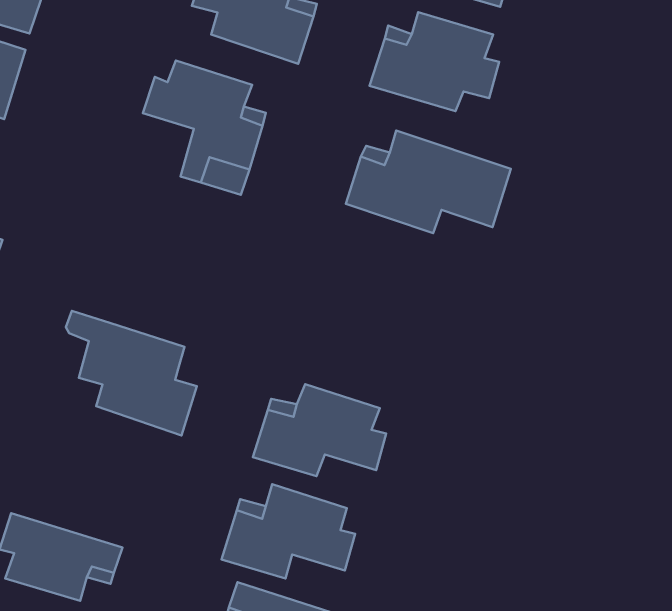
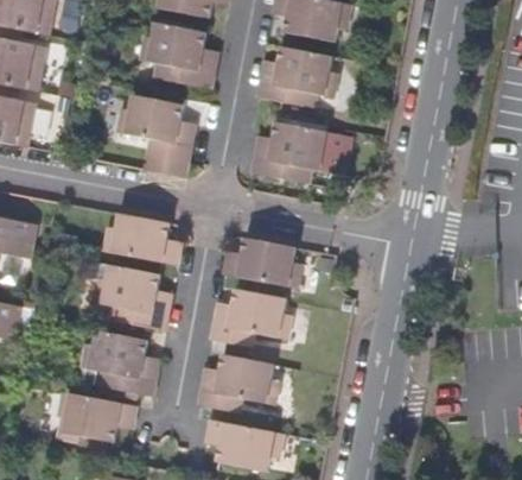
building: none -> [106,214,180,264]
building: none -> [224,236,303,286]
building: none -> [83,333,159,397]

